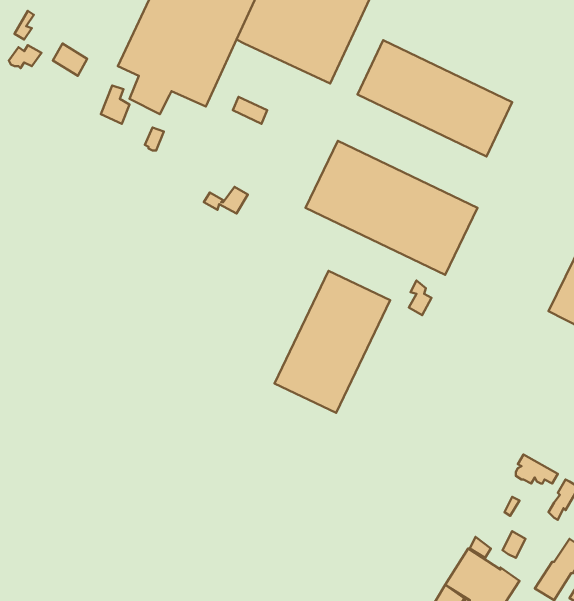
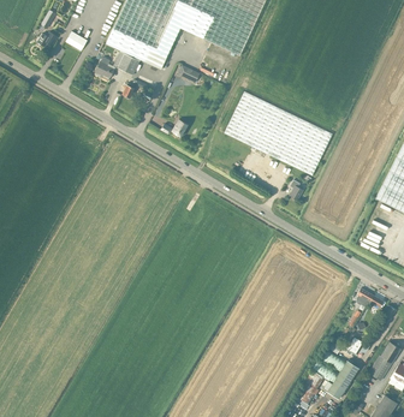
building: [357,40,512,156] -> none
building: [274,271,390,413] -> none

